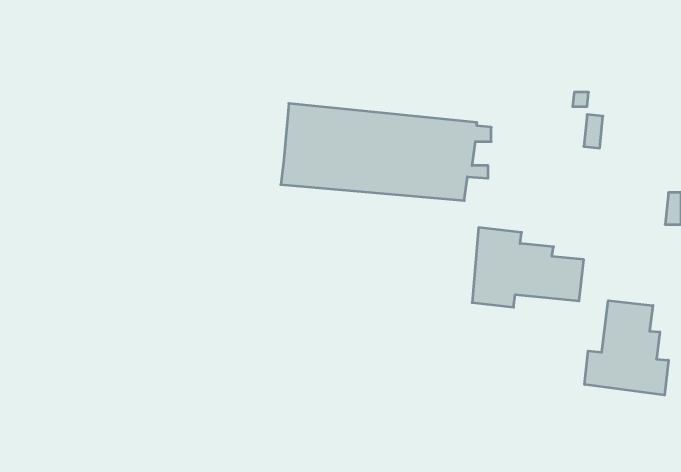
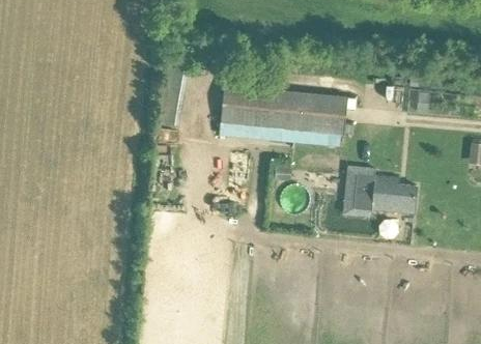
building: [585,301,668,395] -> none

